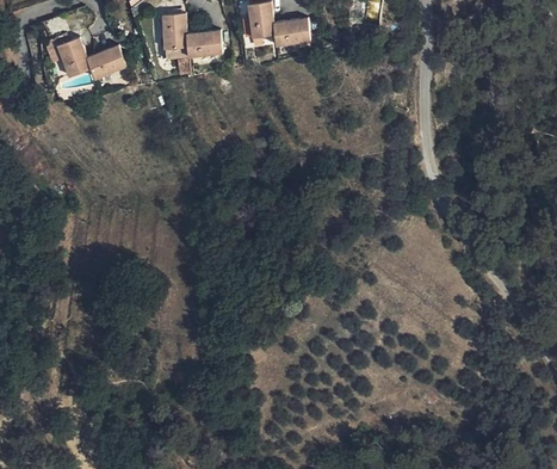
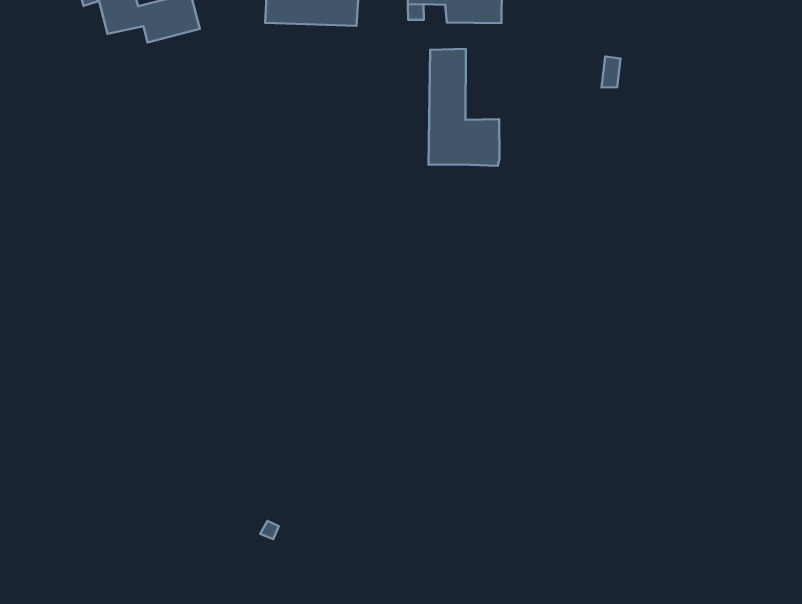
building: none -> [429,49,499,166]

